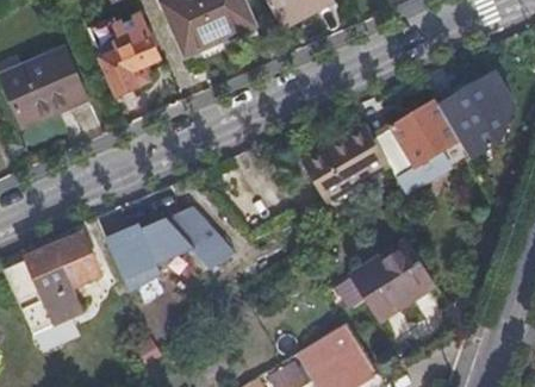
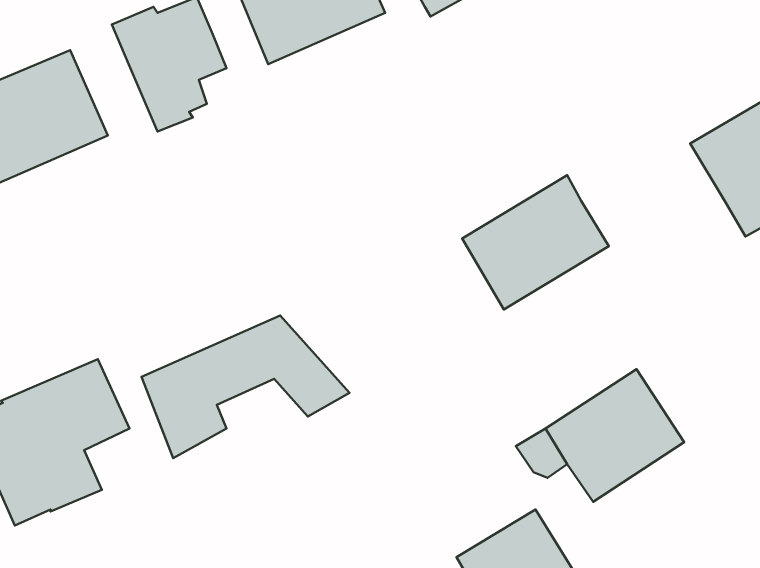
building: [373,100,460,192] -> none

